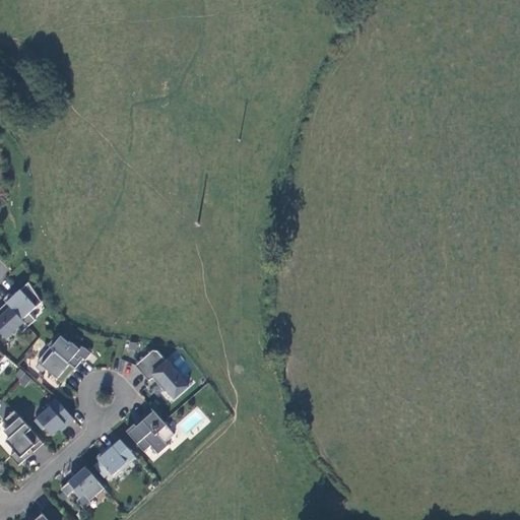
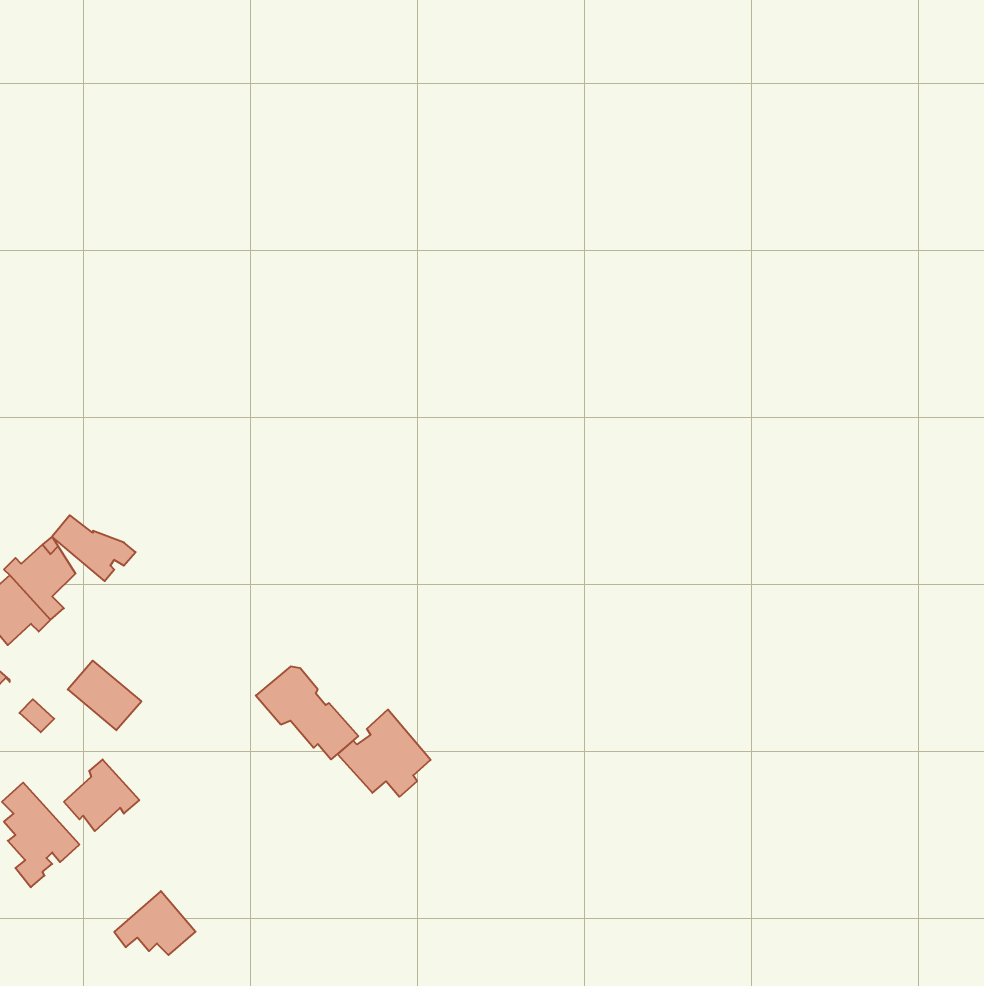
building: [47,333,90,368] -> [52,515,136,581]
building: [125,408,174,454] -> [338,710,431,797]
building: [93,441,134,476] -> none

